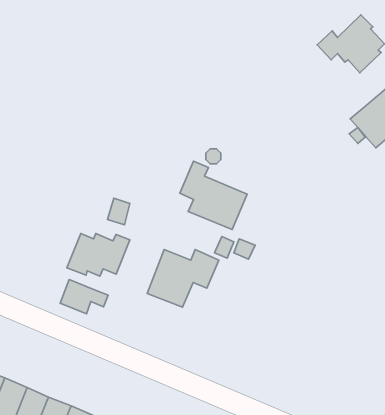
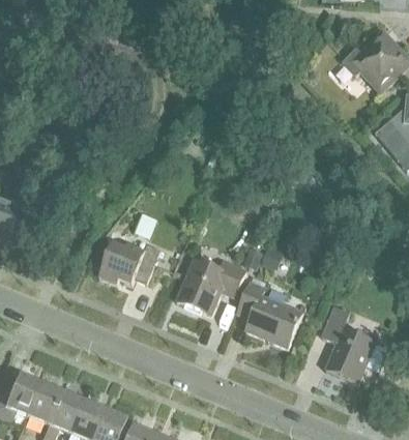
building: [180,161,247,230] -> [237,280,302,346]
building: [60,279,108,314] -> none
building: none -> [321,304,375,382]

